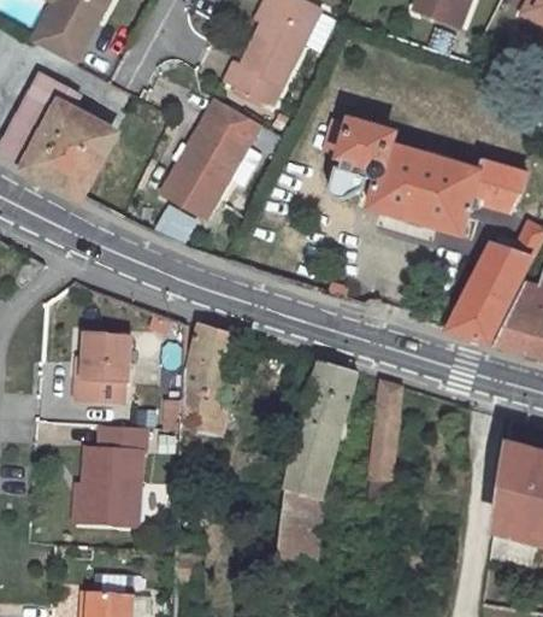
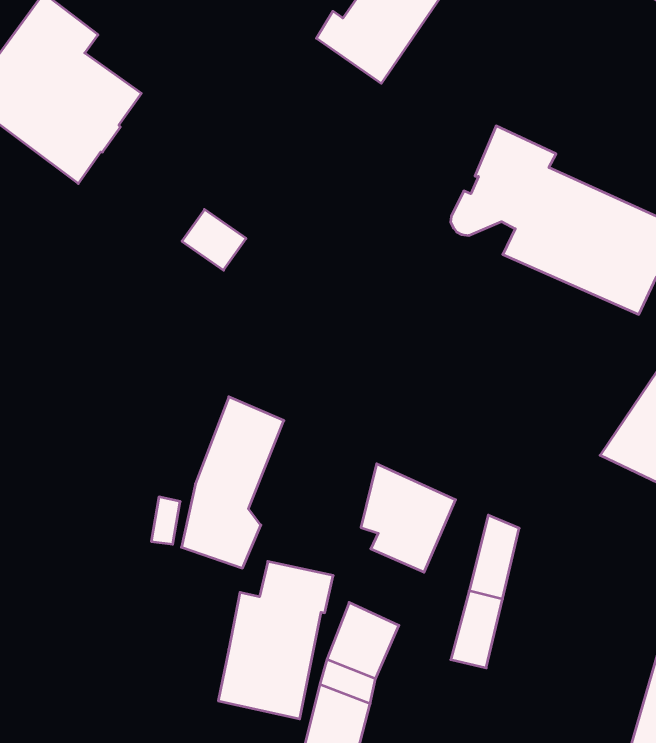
building: [163,99,259,217] -> none
building: [75,333,130,402] -> none
building: [295,411,342,459] -> none
building: [81,424,146,525] -> [218,561,333,719]

